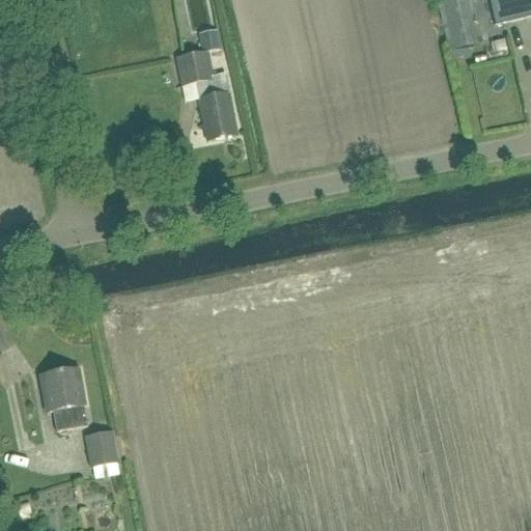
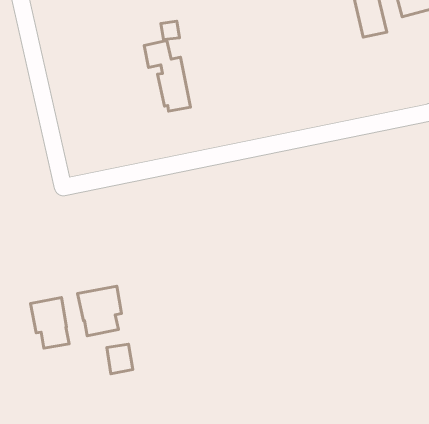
building: none -> [78,286,122,336]
building: [86,429,118,466] -> [107,344,133,374]

